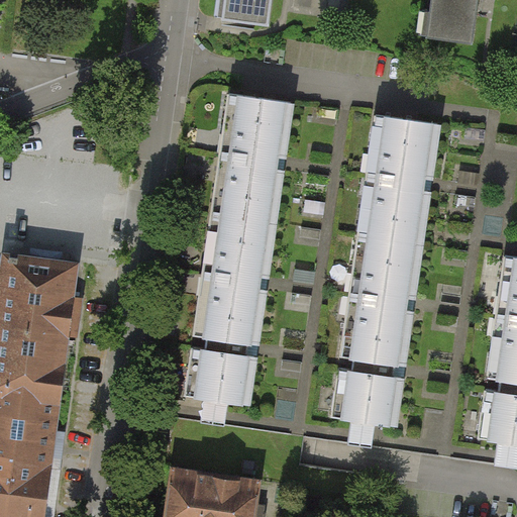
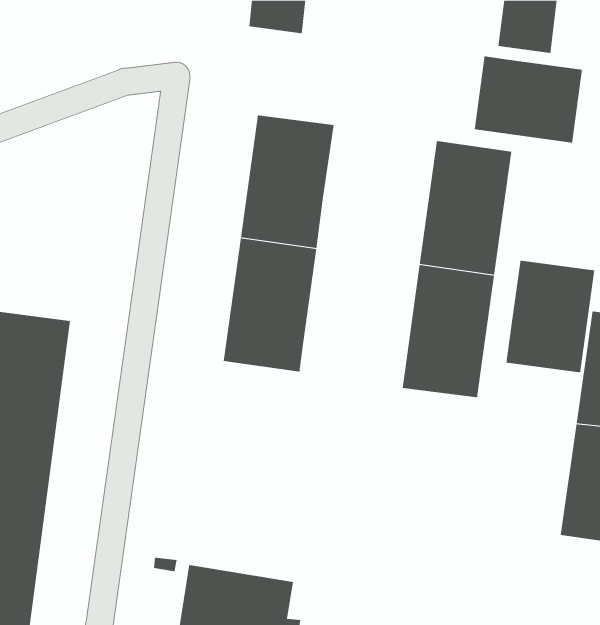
building: none -> [474,56,582,144]
building: none -> [506,260,595,373]
building: [187,298,265,408] -> none
building: [333,320,411,430] -> none

